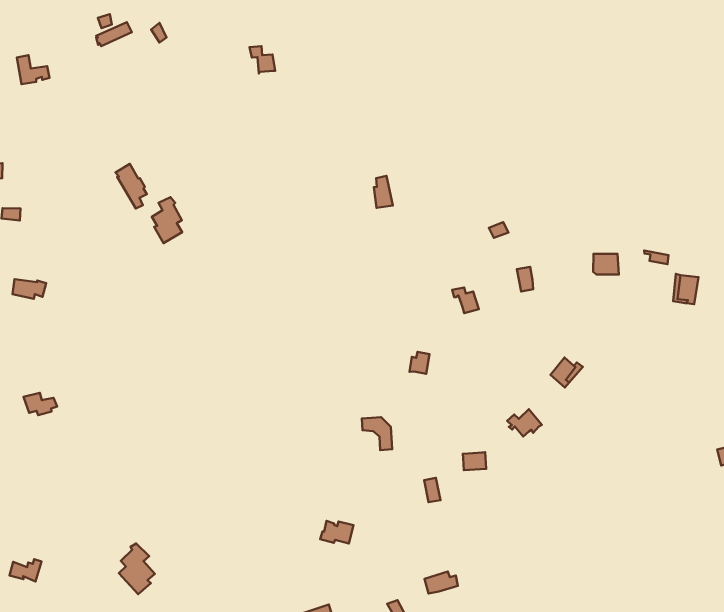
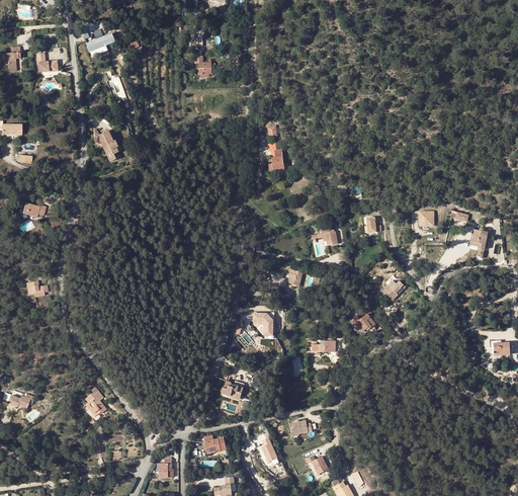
building: [152,197,182,243] -> none

